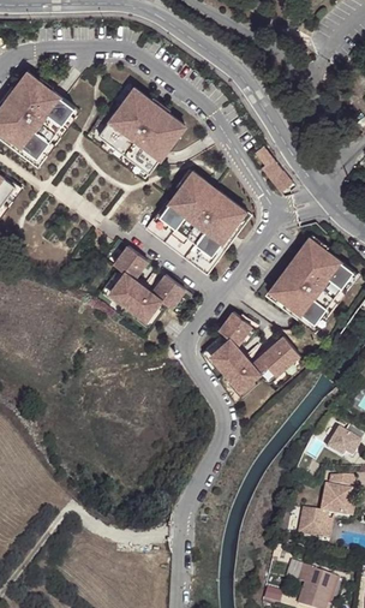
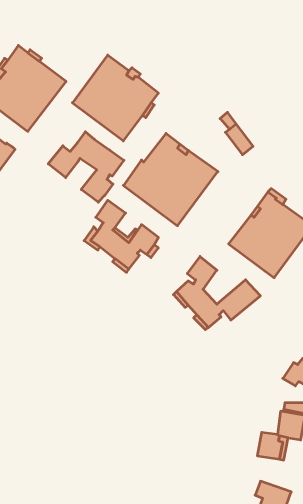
building: none -> [48,132,124,202]

